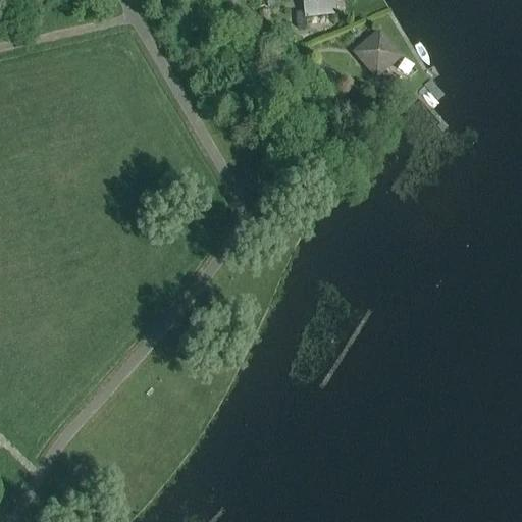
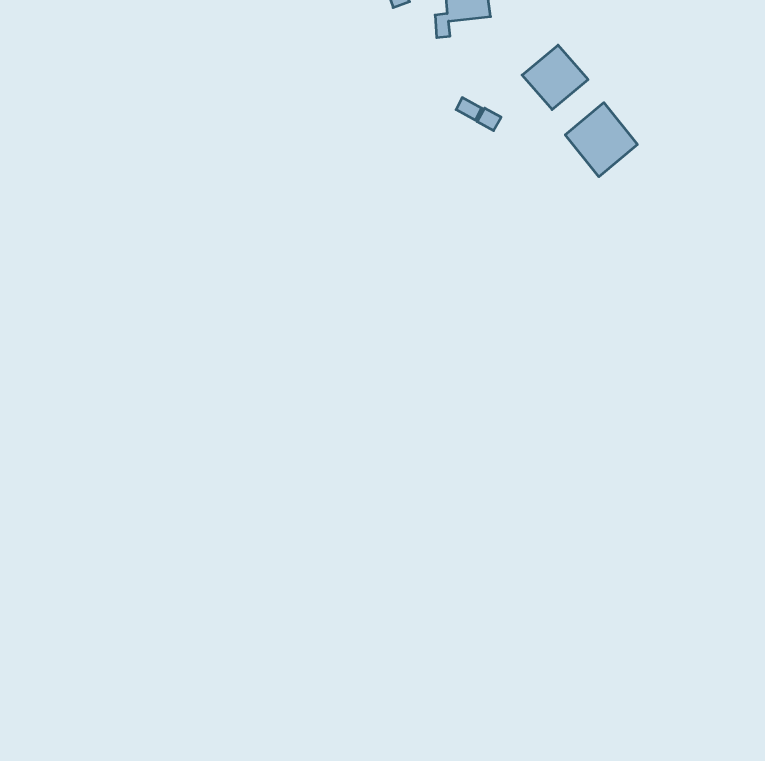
building: none -> [565,103,637,177]

